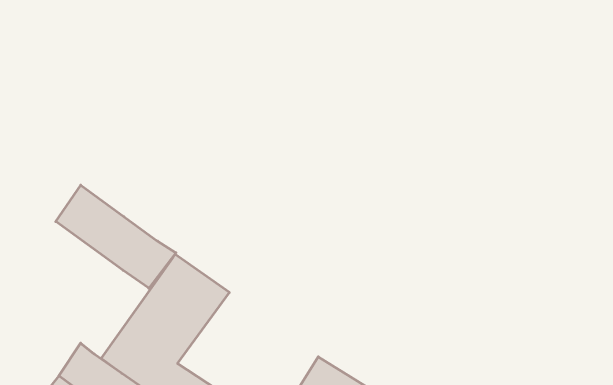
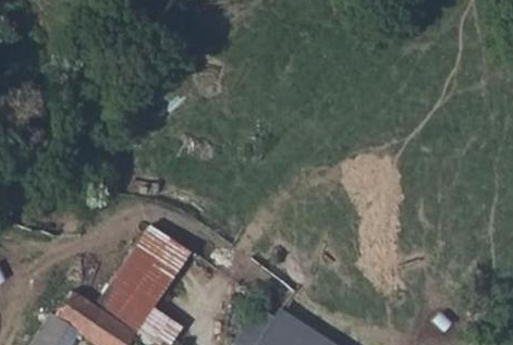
building: [56,185,176,288] -> none

